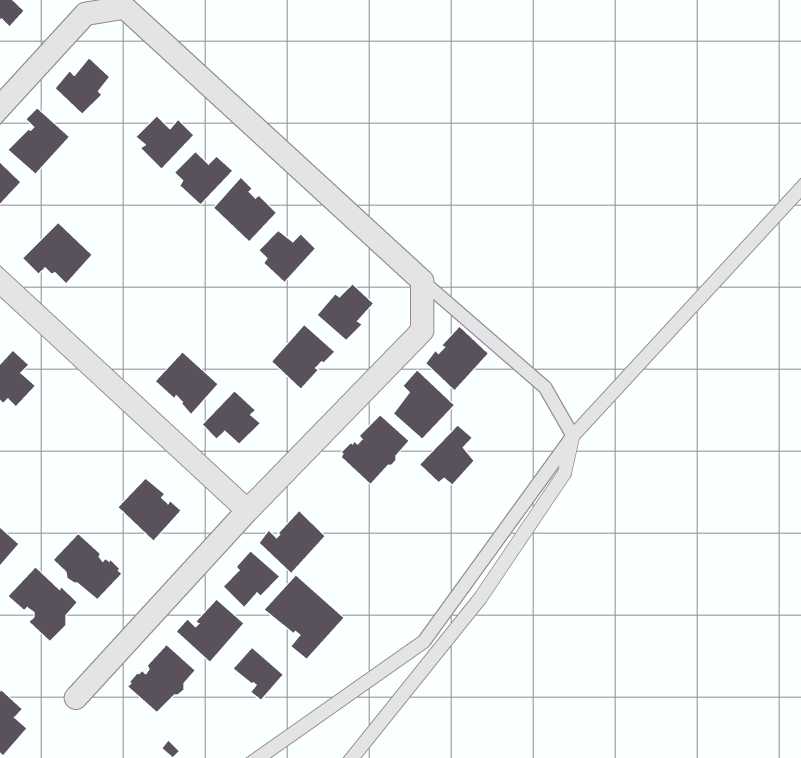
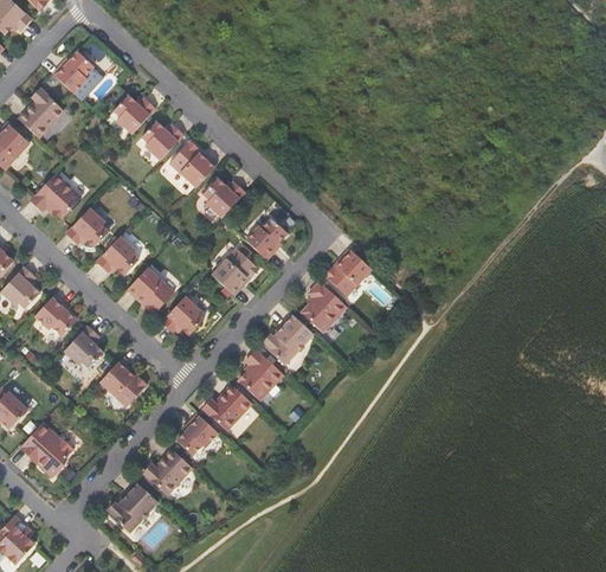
building: none -> [65,207,108,246]
building: none -> [96,236,137,275]
building: none -> [34,295,76,336]
building: [420,425,474,485] -> none
building: none -> [64,324,103,367]
building: none -> [238,349,283,400]
building: [53,533,122,600] -> none
building: [264,575,344,659] -> none
building: [233,647,284,700] -> none

